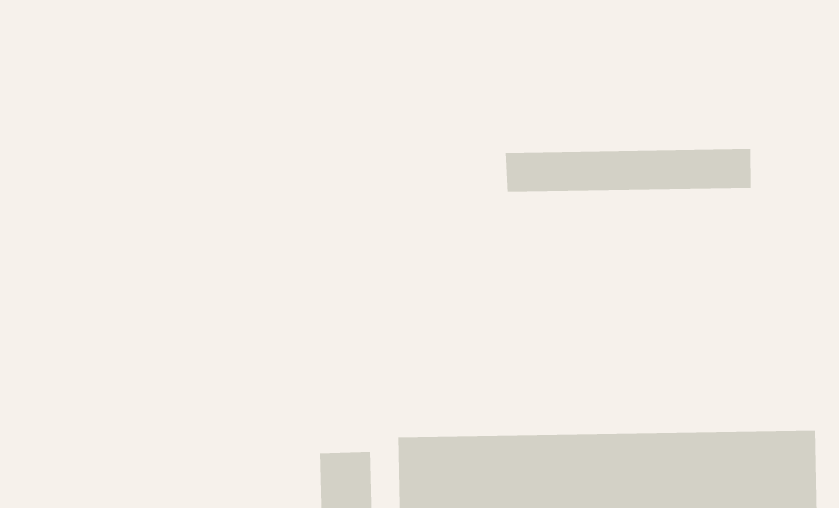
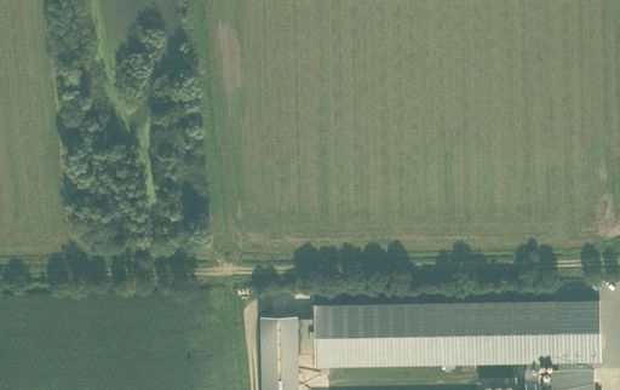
building: [505,148,751,193] -> none

